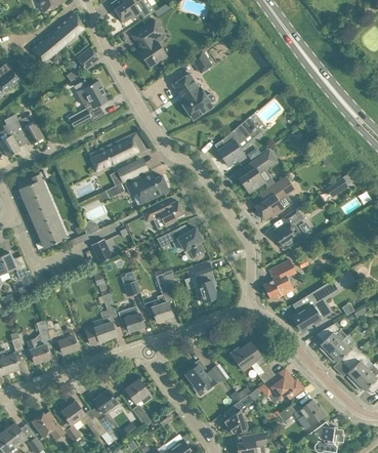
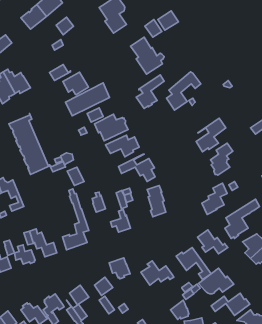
building: [76,80,109,109] -> [63,72,88,94]
building: [238,150,274,193] -> [136,75,164,108]
building: [117,305,143,332] -> [109,258,130,279]
building: none -> [197,230,228,254]

